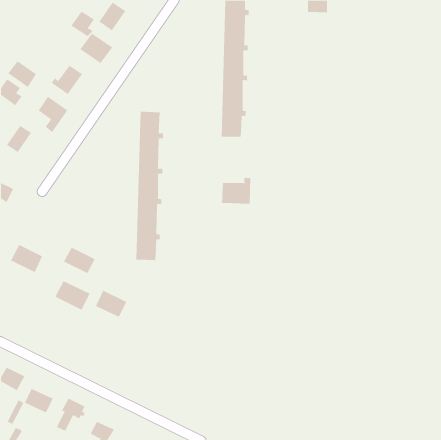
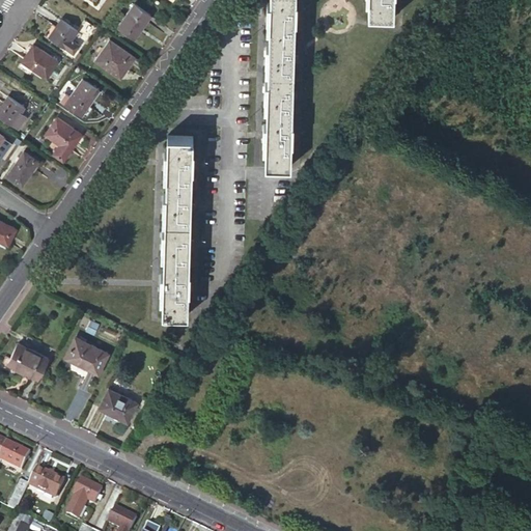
building: [71,11,95,37] -> [50,20,79,51]
building: [8,60,37,88] -> [23,46,58,79]
building: [222,177,251,204] -> none
building: [10,244,43,273] -> [8,343,48,378]
building: [63,247,96,274] -> none
building: [95,290,127,317] -> [100,389,138,422]

